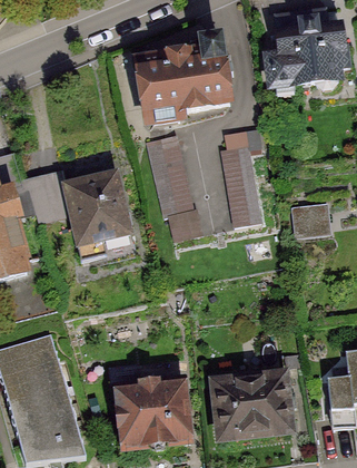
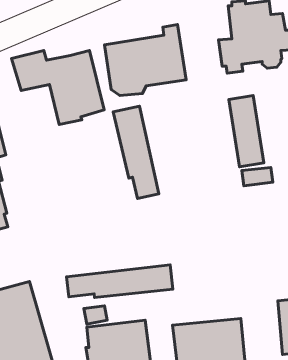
building: [221,143,261,224] -> [229,96,264,167]
building: [27,173,132,257] -> [12,51,104,125]
building: none -> [67,265,173,298]

